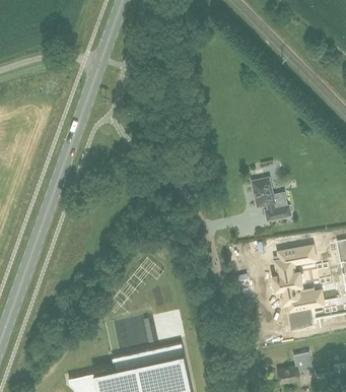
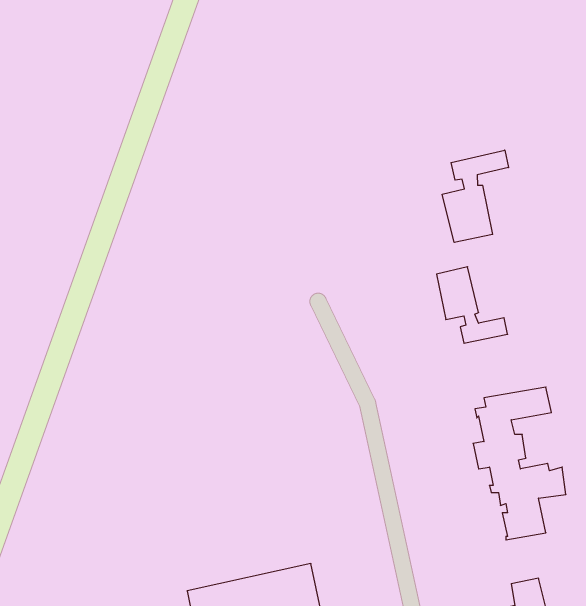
building: none -> [442,150,509,242]

